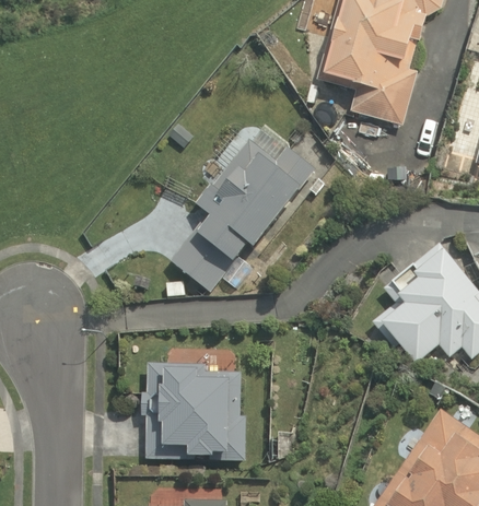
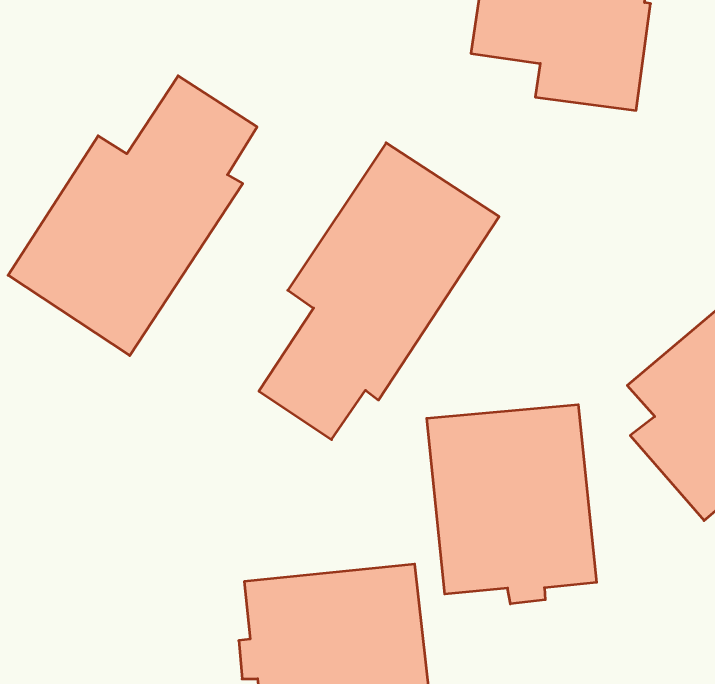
building: none -> [8,76,257,356]
building: none -> [427,405,597,604]

